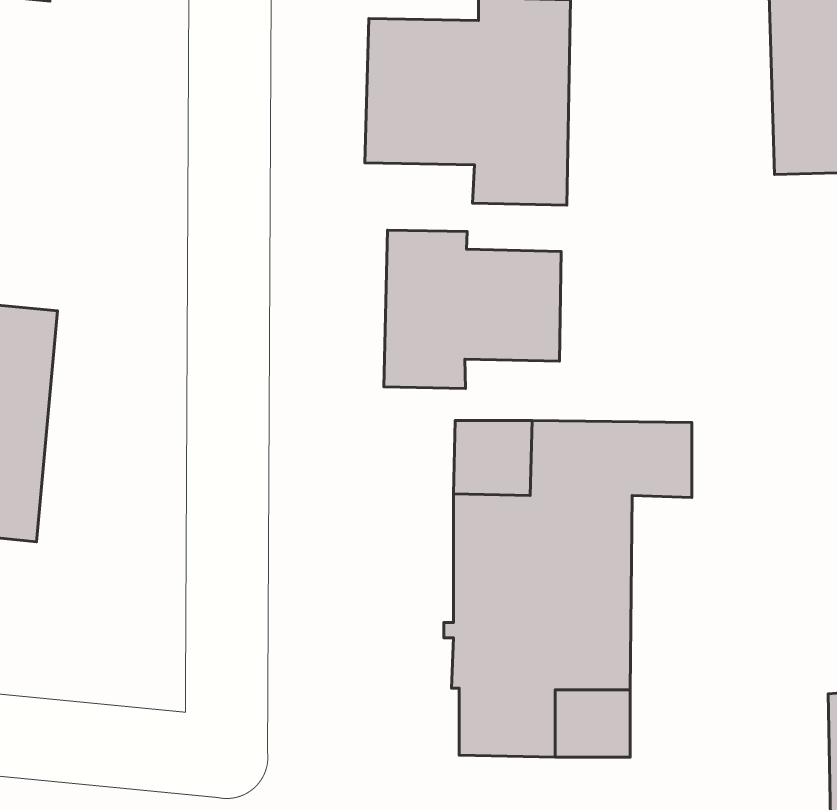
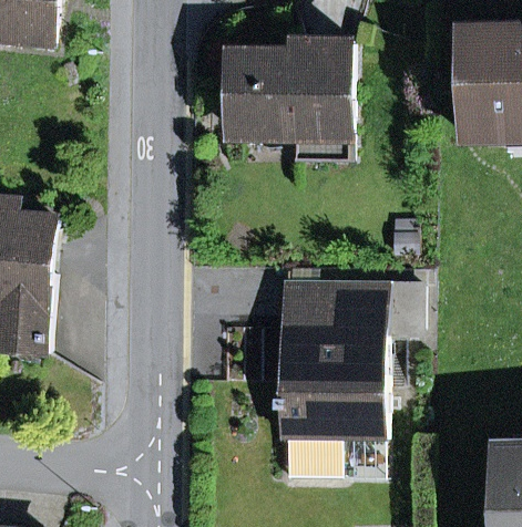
building: [384,230,561,388] -> none

